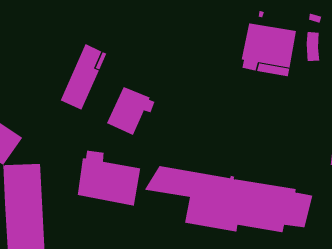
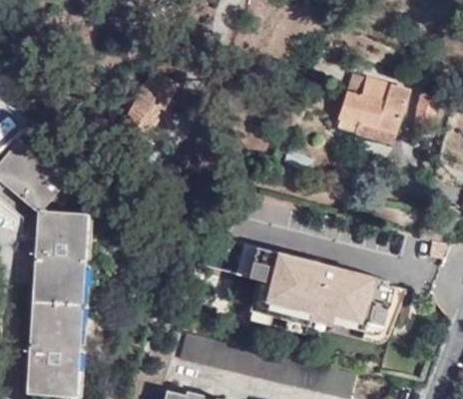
building: [106,86,155,136] -> none
building: [77,150,141,206] -> none

